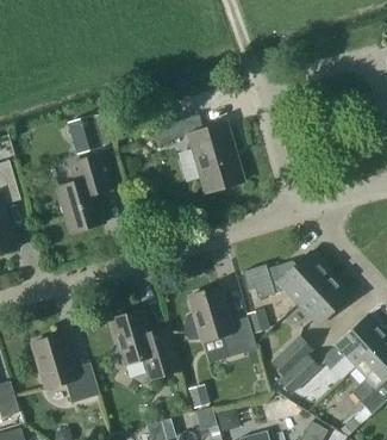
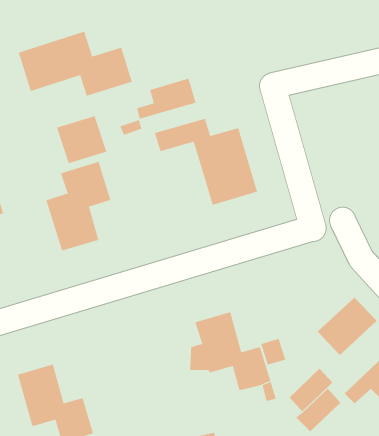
building: none -> [18,31,133,96]
building: none -> [136,78,196,119]
building: [242,252,330,304] -> none
building: [110,309,177,379] -> none

